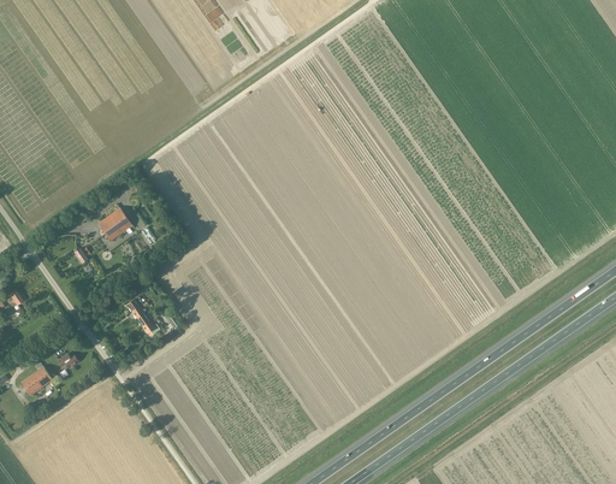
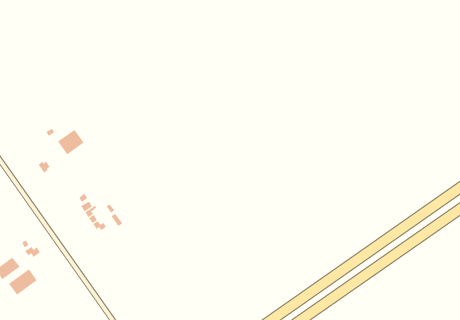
building: none -> [8,269,38,296]

